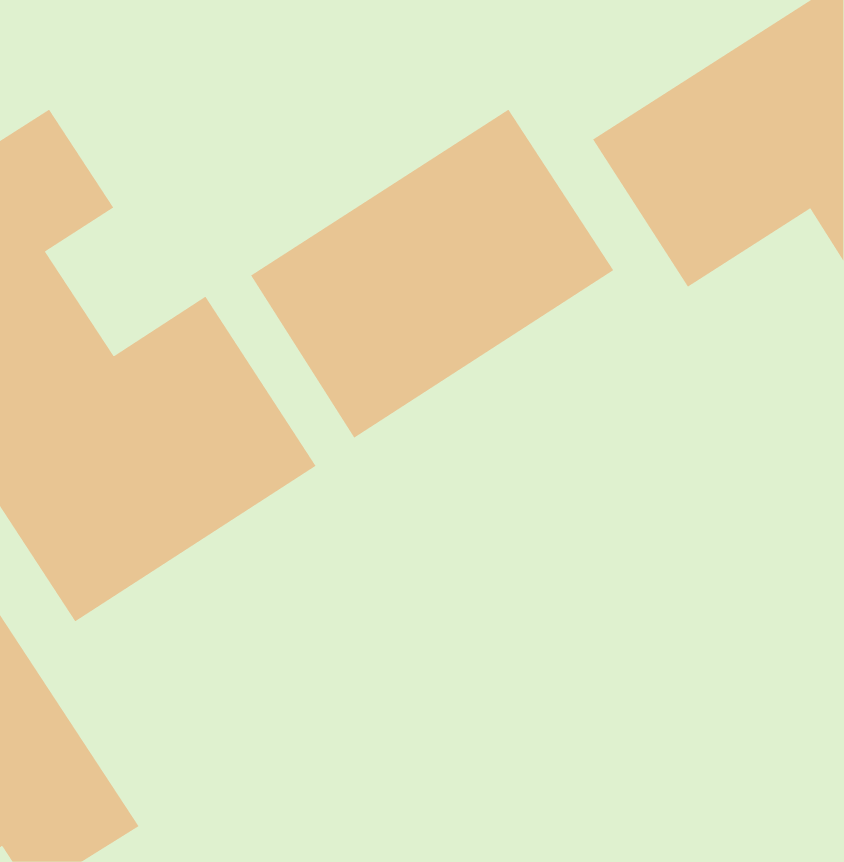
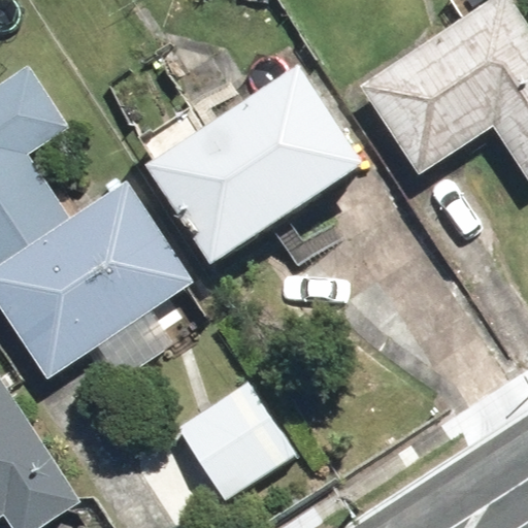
building: none -> [173,385,290,500]

